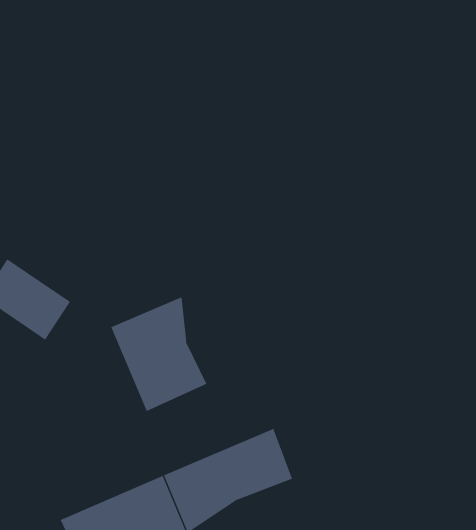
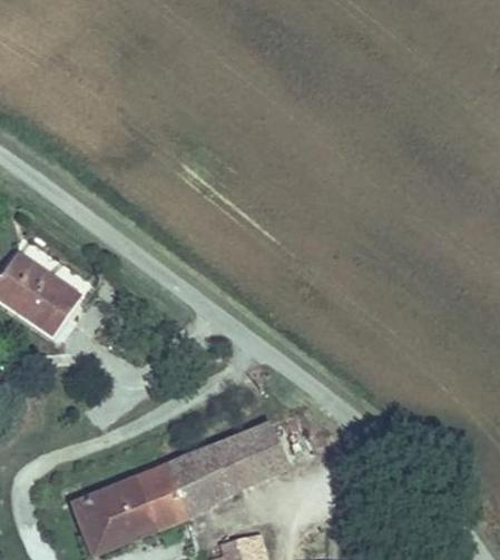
building: [110,296,207,412] -> none

